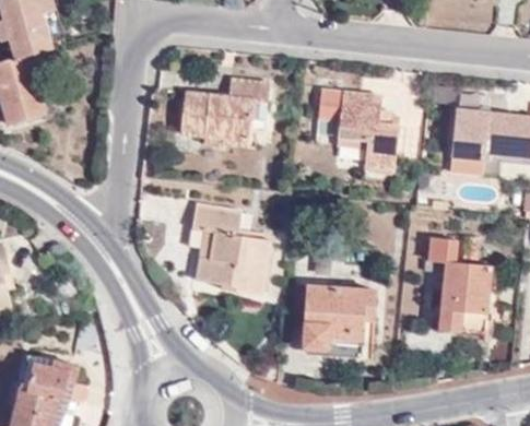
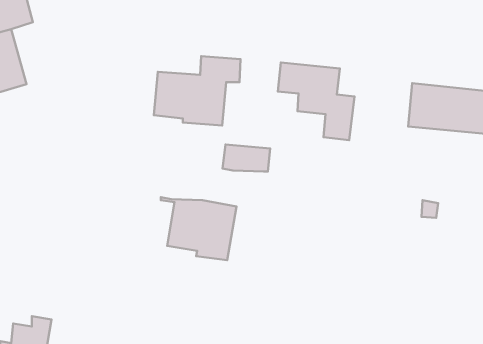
building: [187,204,237,233] -> [222,145,270,171]
building: [437,261,494,332] -> none
building: [304,283,366,348] -> none

